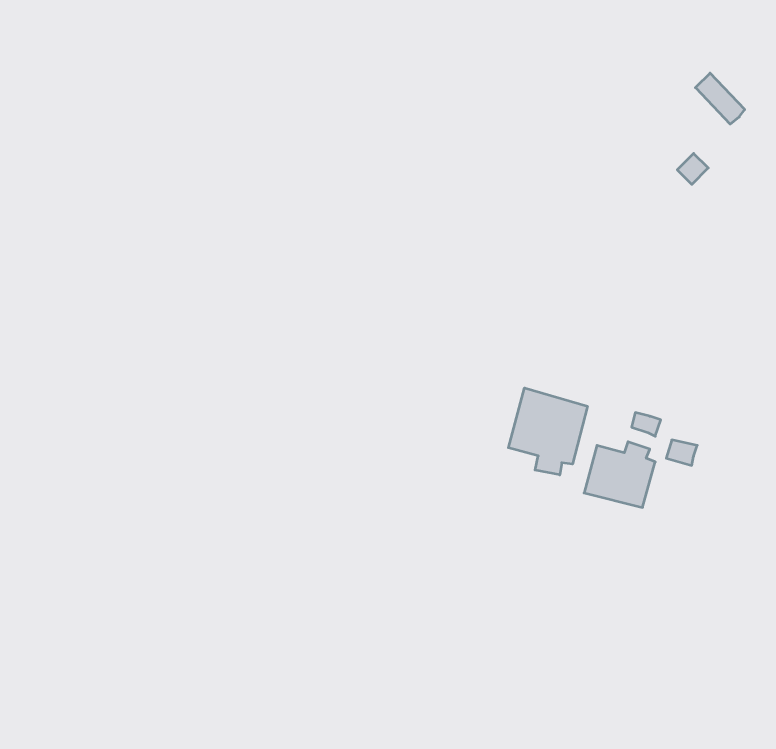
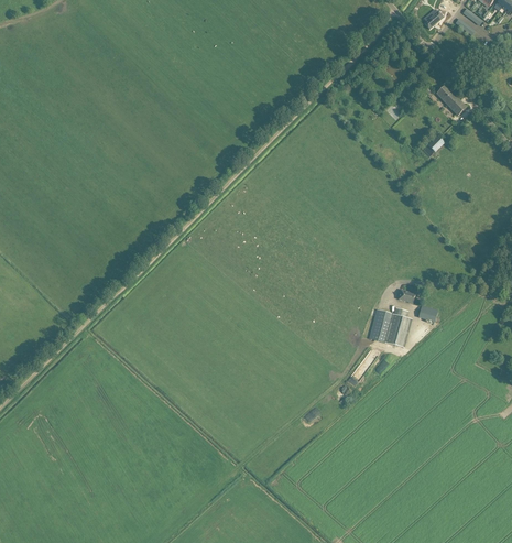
building: [508,388,587,475] -> none

